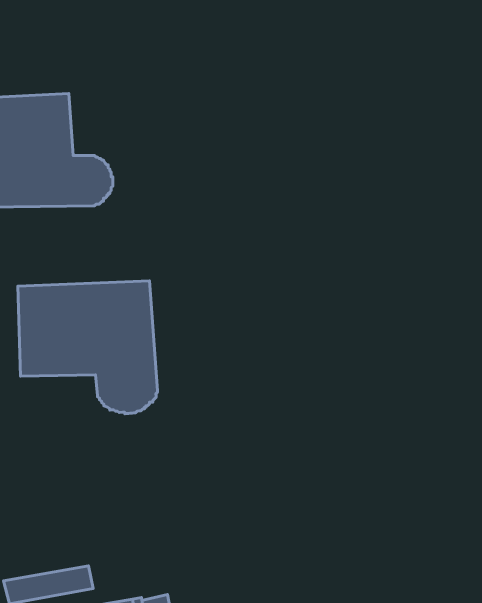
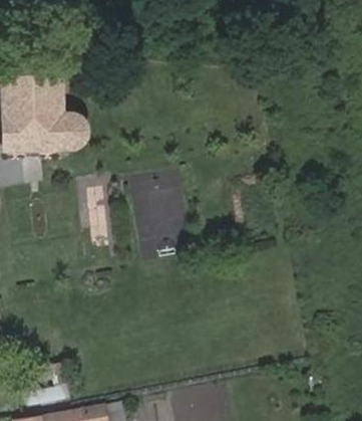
building: [18,281,158,414] -> none

